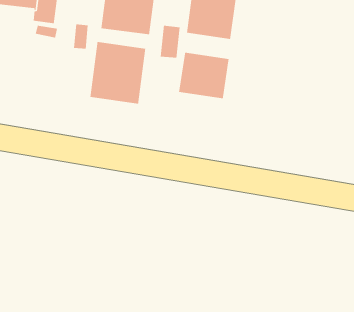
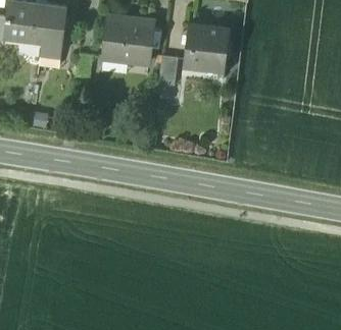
building: [90,41,146,105] -> none
building: [179,52,229,99] -> none

